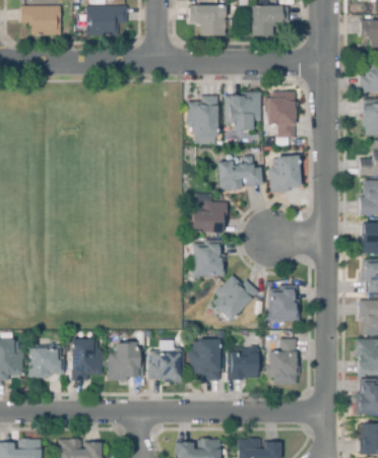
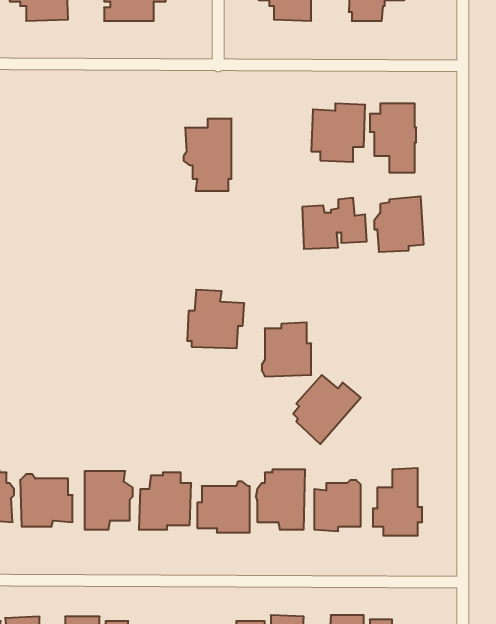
building: [185,95,217,144] -> [184,119,232,191]
building: [189,193,228,233] -> [187,290,244,348]
building: [265,283,301,321] -> none

